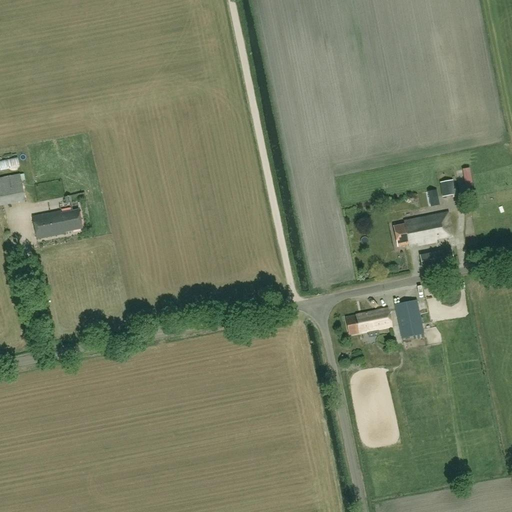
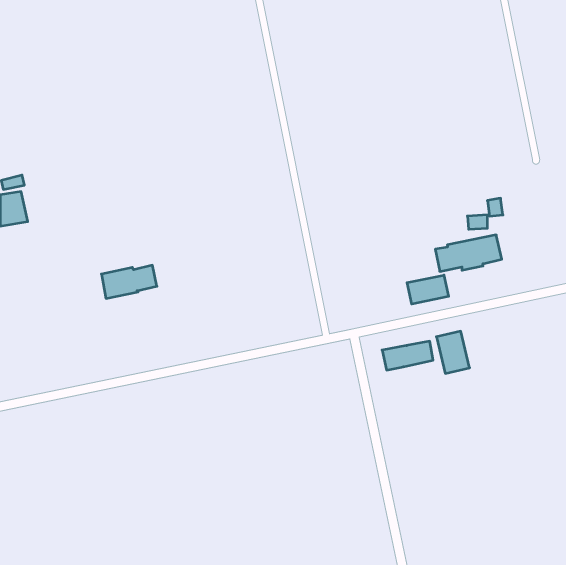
building: [32,208,82,238] -> [101,265,157,298]
building: none -> [407,275,449,304]

